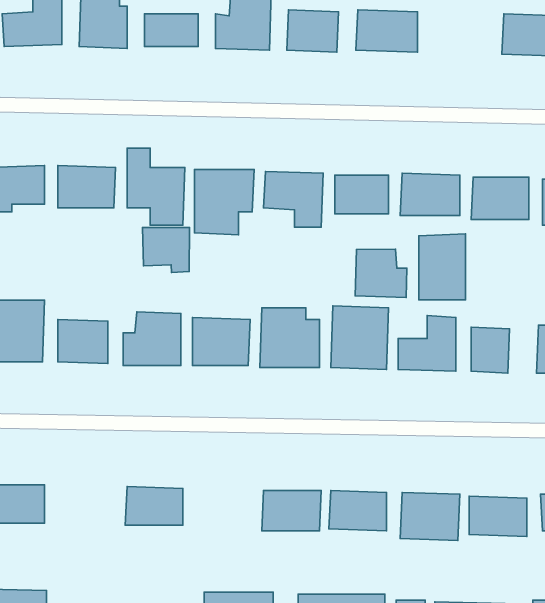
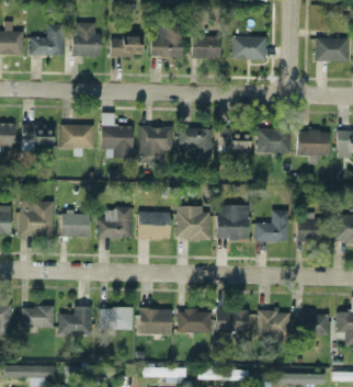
building: [143,228,190,272] -> none
building: [419,234,466,300] -> none
building: [355,249,407,297] -> none
building: none -> [58,307,92,337]
building: none -> [139,309,172,335]

